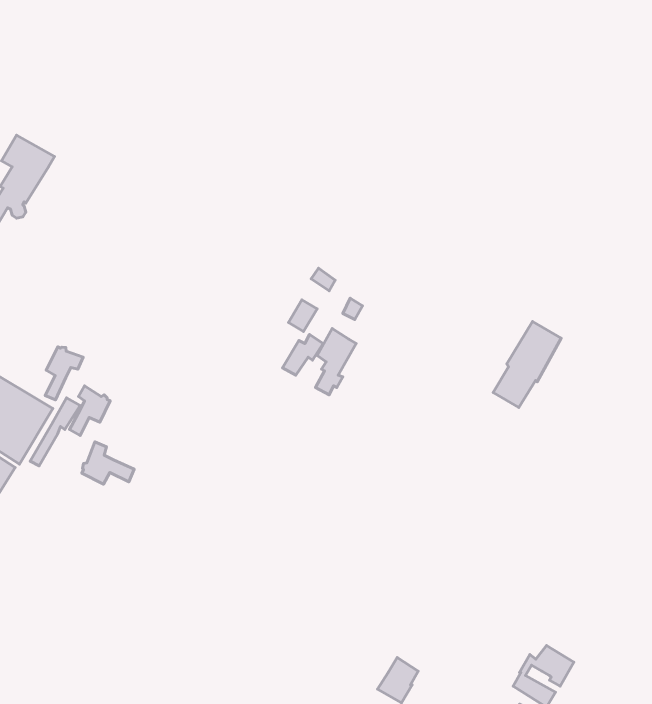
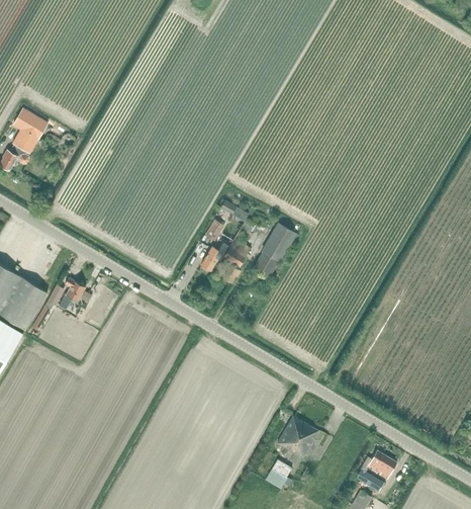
building: [493,321,561,408] -> [252,223,297,280]
building: [45,347,83,400] -> none
building: [82,442,134,484] -> none
building: none -> [277,415,319,457]

